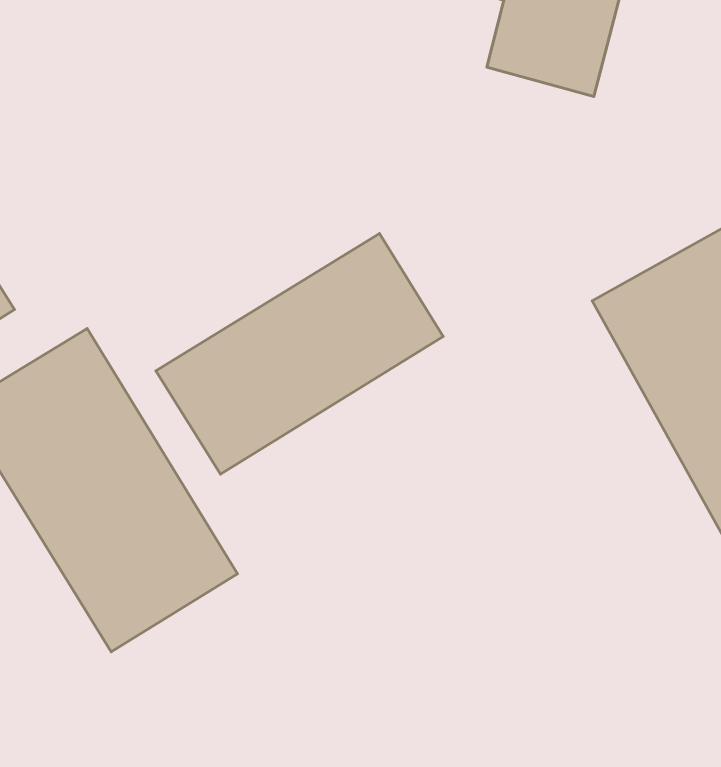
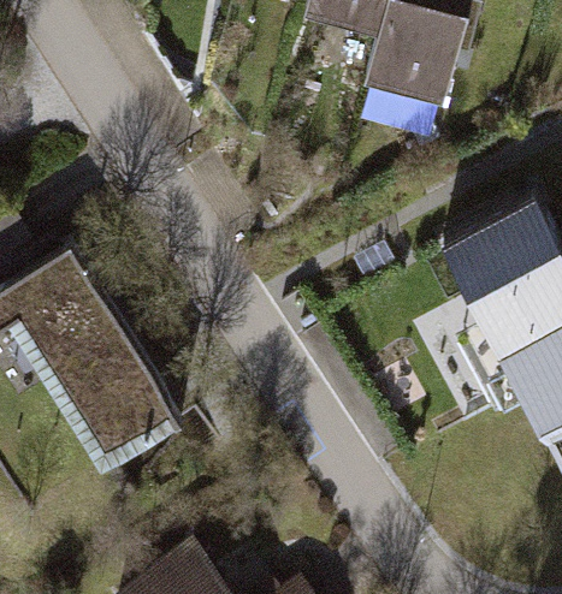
building: [156,234,443,474] -> none

